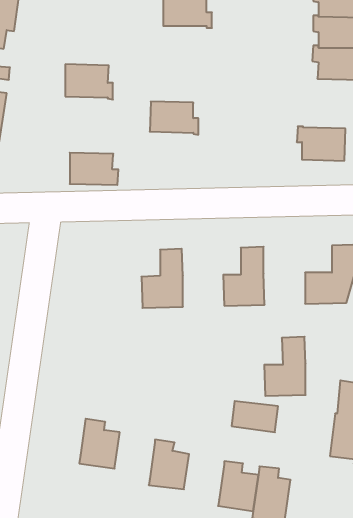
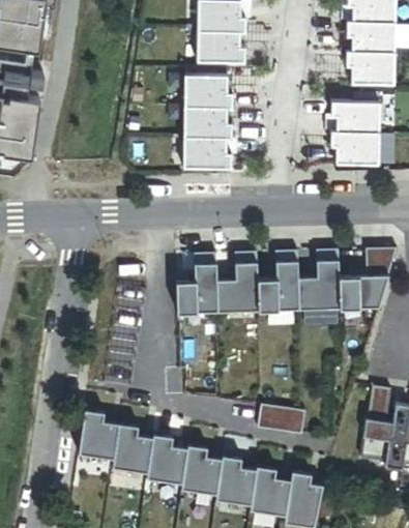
building: none -> [196,32,244,64]
building: [65,64,113,100] -> [183,76,231,111]
building: none -> [330,102,379,135]
building: [70,153,118,185] -> [182,138,231,170]
building: none -> [215,254,257,313]
building: [264,337,306,396] -> [296,252,338,311]
building: none -> [78,411,118,461]
building: none -> [146,435,187,485]
building: none -> [215,457,257,505]

